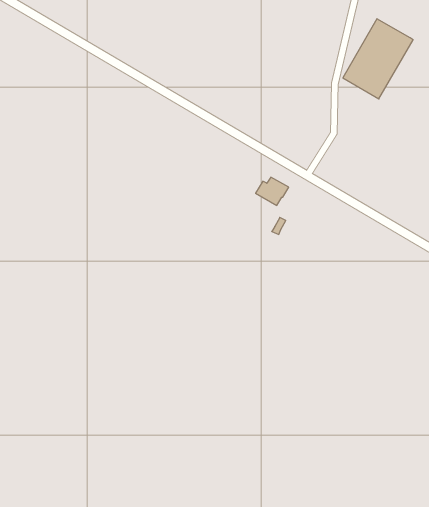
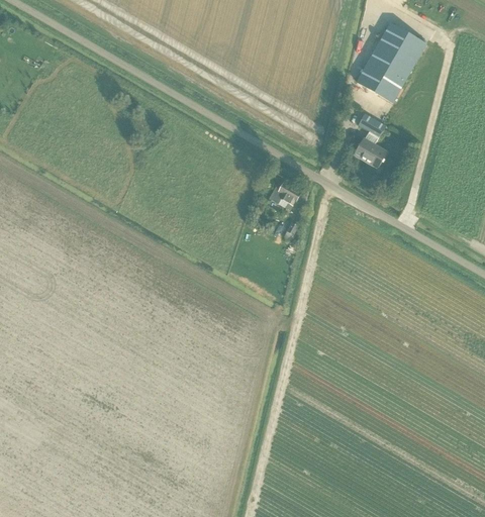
building: none -> [354,111,387,165]

